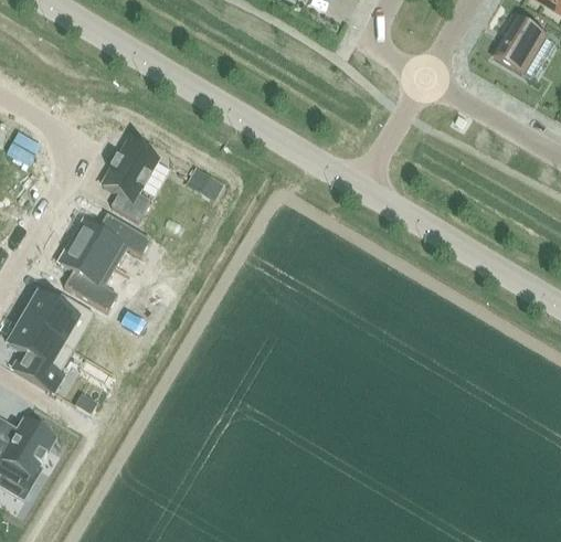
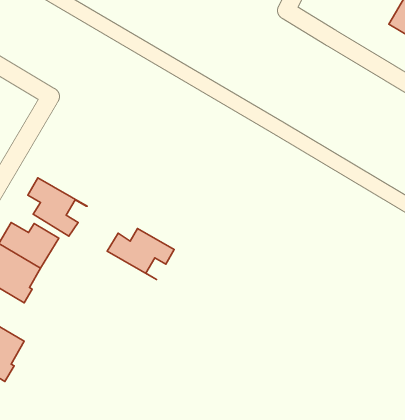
building: [103,139,157,219] -> none
building: [70,211,150,273] -> [107,228,174,280]

